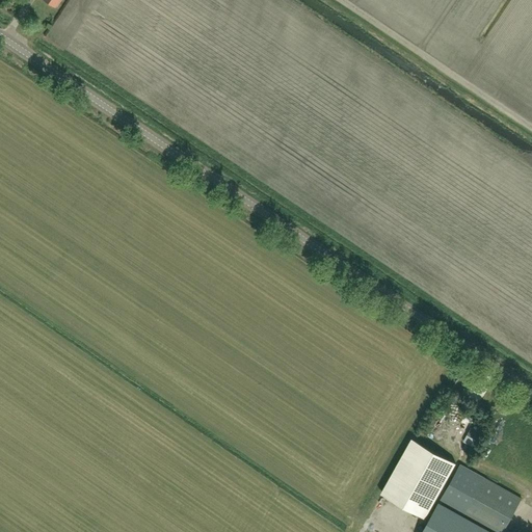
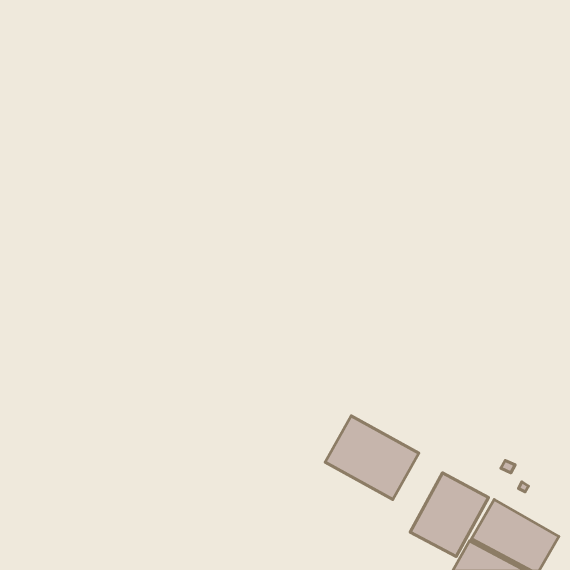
building: none -> [325,416,419,499]

